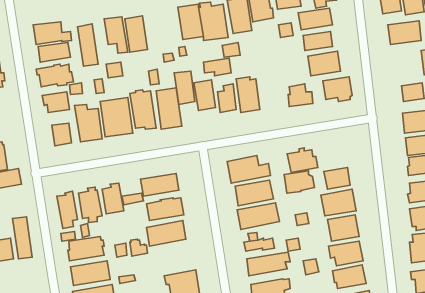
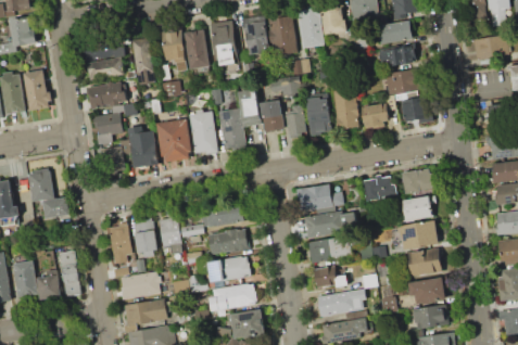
building: none -> [210,21,239,65]
building: none -> [333,88,361,130]
building: [284,171,315,193] -> [402,169,435,194]
building: none -> [209,284,257,312]

